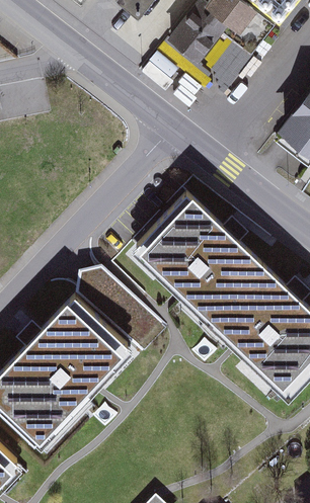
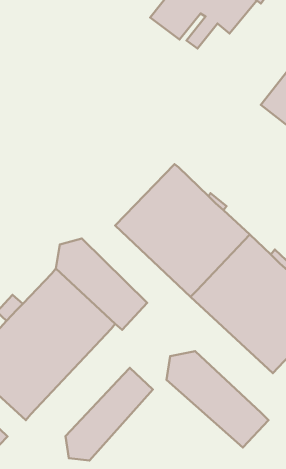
building: none -> [167,351,269,447]
building: none -> [66,368,153,460]

